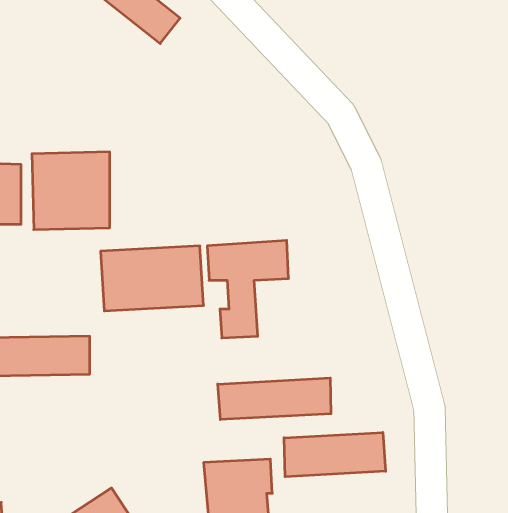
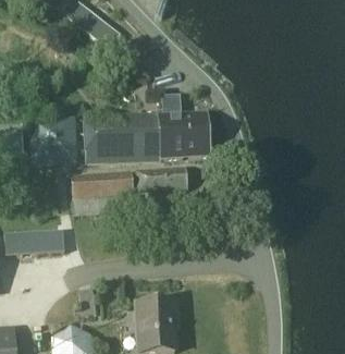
building: none -> [86,96,209,162]
building: [218,378,331,420] -> none
building: [284,432,386,477] -> none

